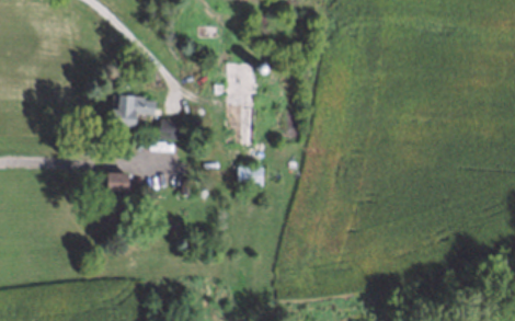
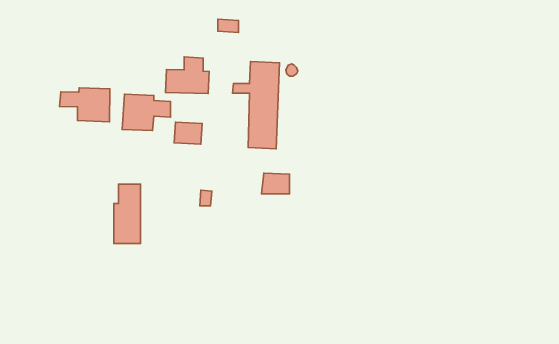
building: none -> [166,57,209,94]
building: none -> [60,88,110,122]

